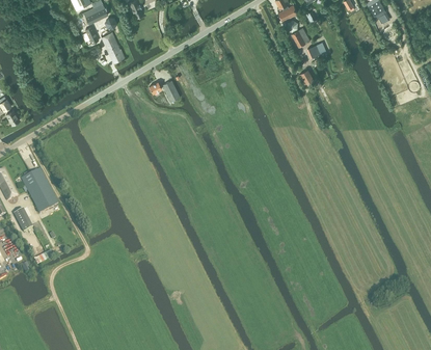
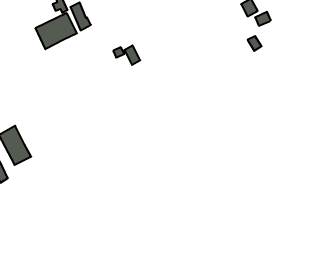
building: none -> [36,13,77,49]

